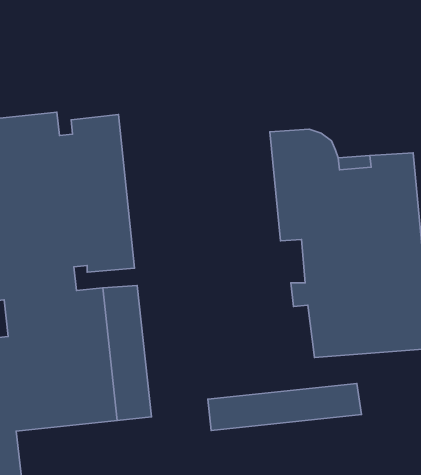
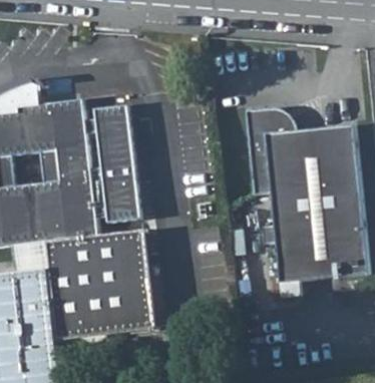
building: [208,384,361,431] -> none

